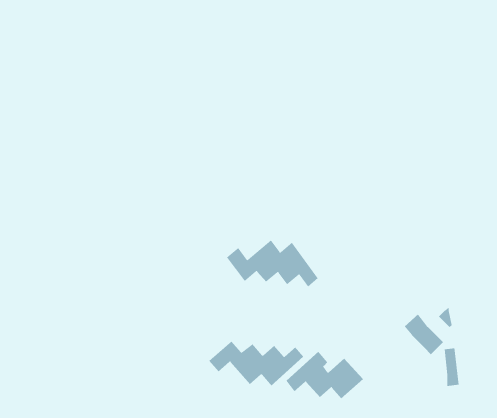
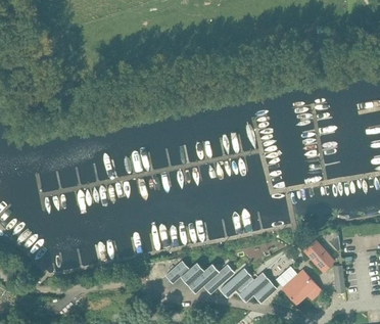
building: [226,240,318,287] -> none
building: none -> [284,271,317,305]

